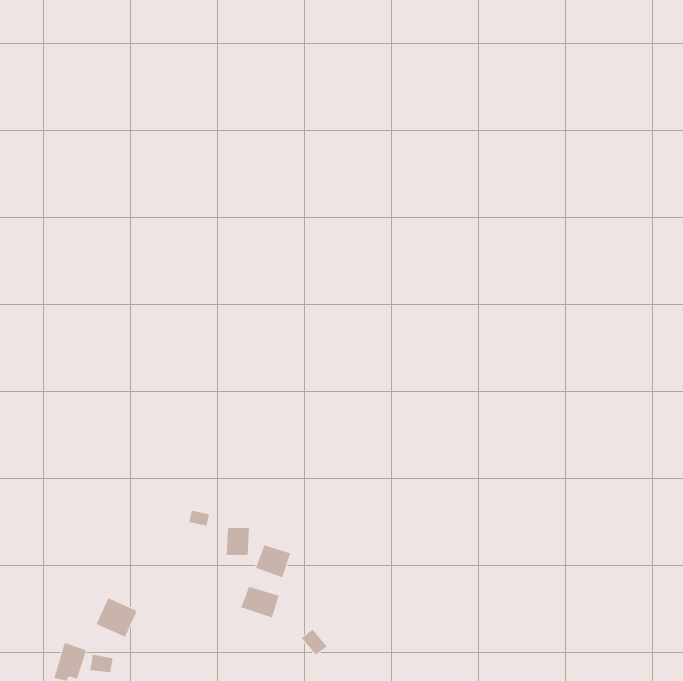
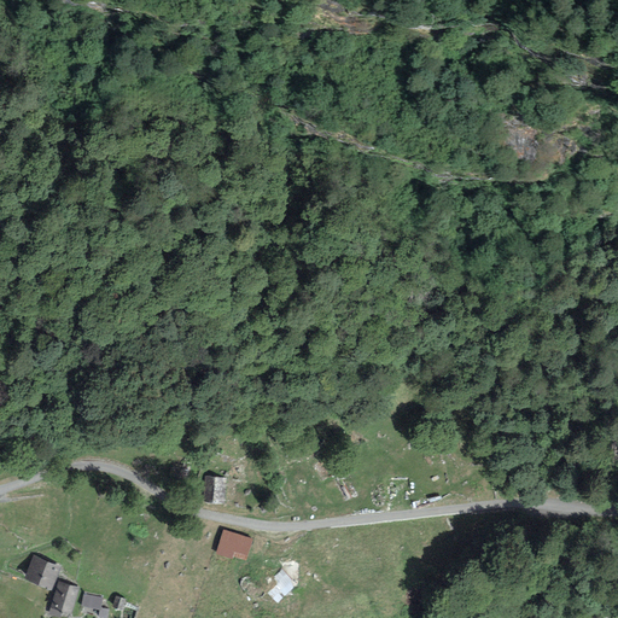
building: [255,545,291,578] -> none
building: [96,597,137,637] -> [23,554,60,590]

